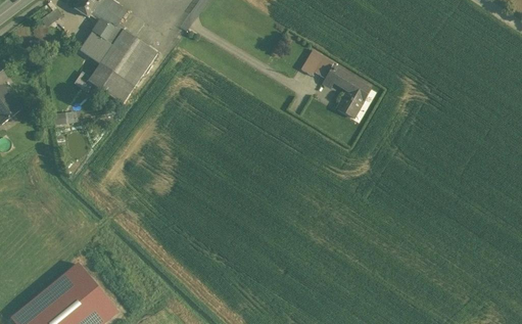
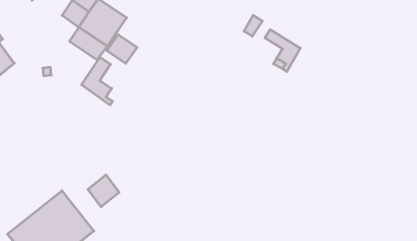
building: none -> [107,35,137,63]
building: none -> [82,57,113,105]
building: none -> [88,175,119,207]

